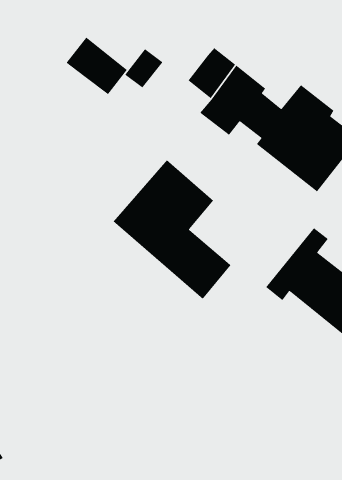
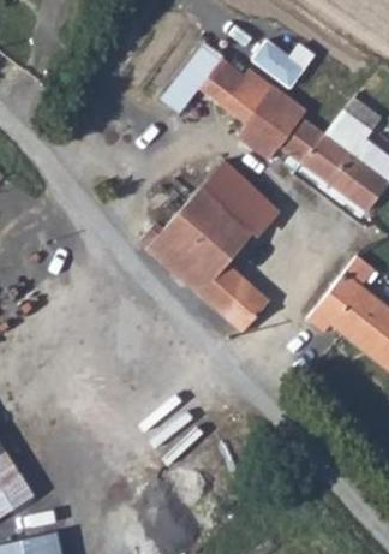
building: none -> [252,42,315,90]
building: [65,36,128,95] -> [181,43,246,105]
building: none -> [204,161,281,234]

